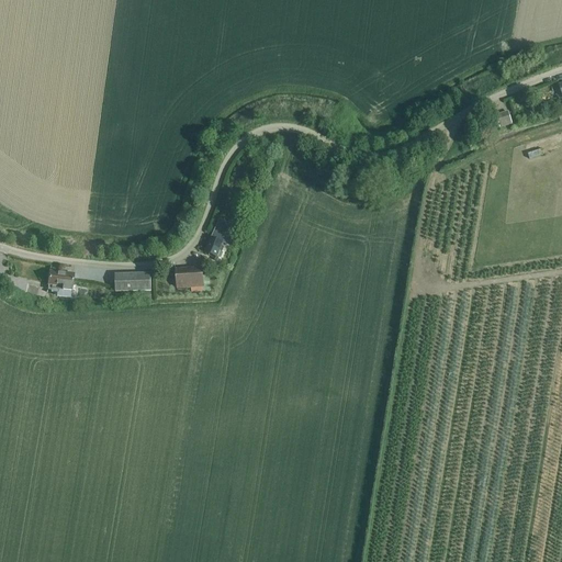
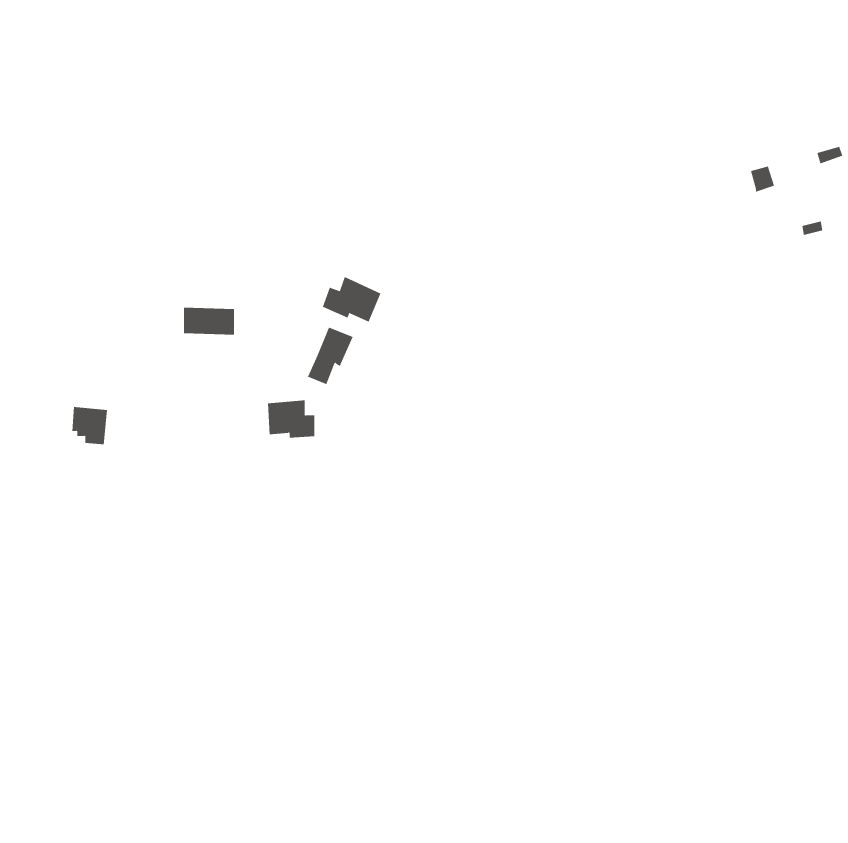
building: none -> [322,276,381,322]
building: [115,271,149,290] -> [183,307,235,335]

